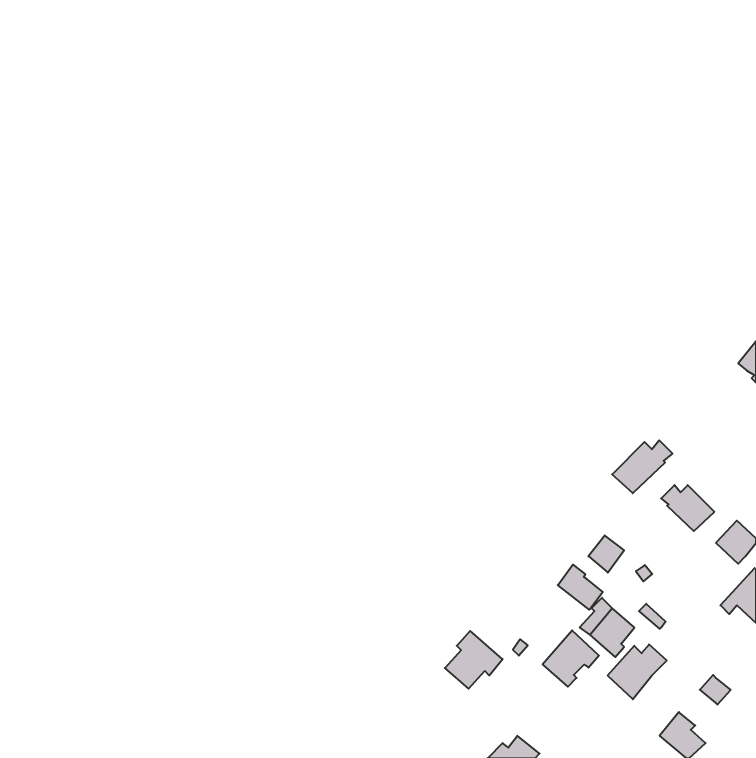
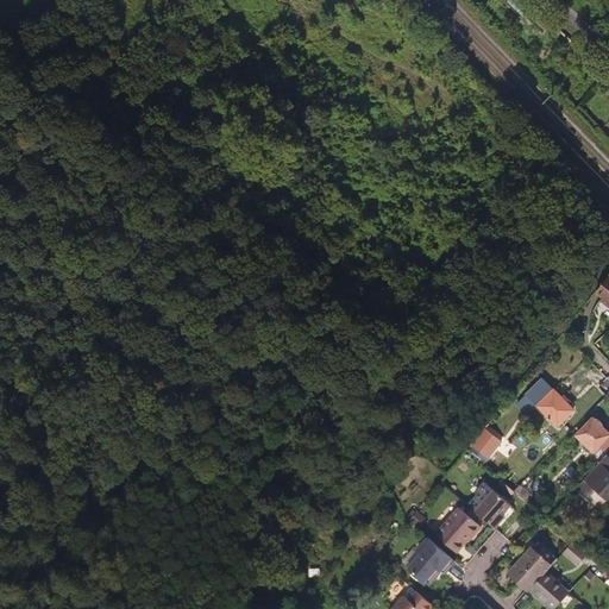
building: [612,440,672,493] -> none
building: [558,565,603,610] -> none
building: [445,631,503,689] -> [407,536,453,583]
building: [608,644,667,699] -> [509,546,557,590]

